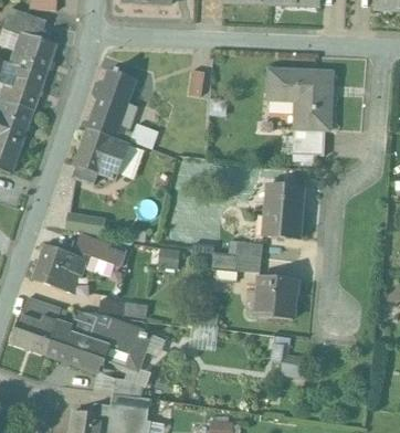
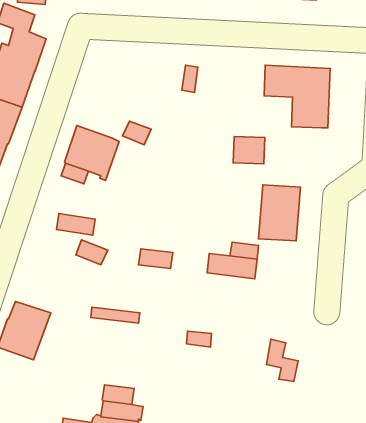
building: [87,67,138,139] -> none
building: [294,128,325,155] -> [233,137,265,164]
building: [33,242,87,288] -> none
building: [257,275,298,318] -> none
building: [45,308,150,372] -> none

